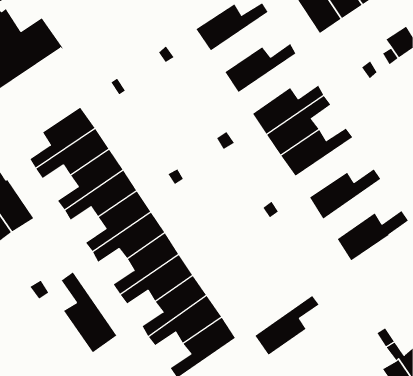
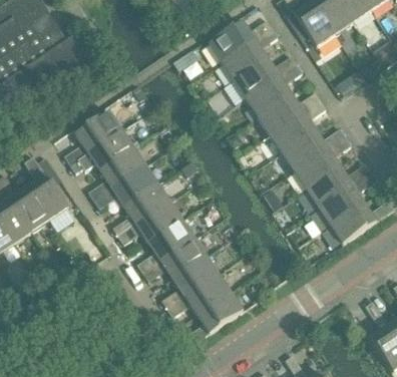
building: none -> [221,27,277,79]
building: none -> [245,63,301,115]
building: none -> [294,135,350,187]
building: [61,272,117,353] -> none
building: [254,295,319,355] -> [318,171,374,224]

